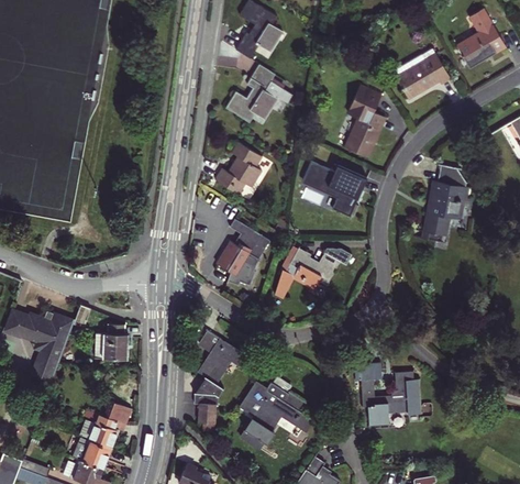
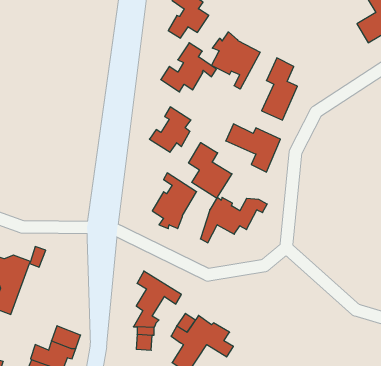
building: [395,47,449,98] -> none
building: none -> [212,32,260,89]
building: [419,163,473,243] -> none
building: none -> [189,143,232,198]
building: [97,323,129,359] -> none
building: [354,363,421,427] -> none

